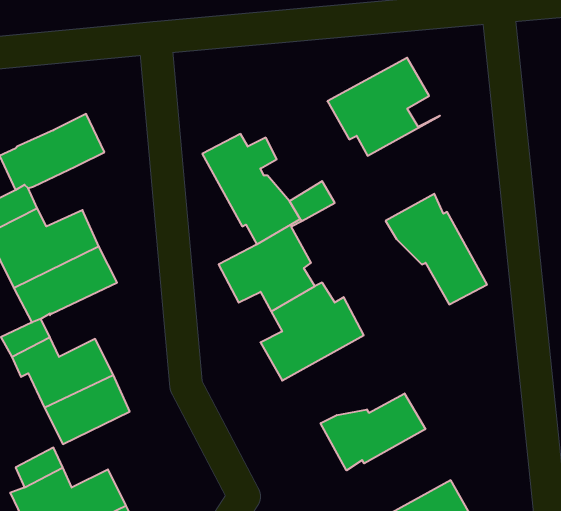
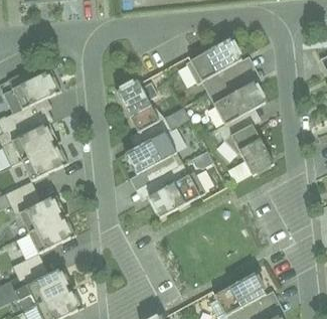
building: none -> [207,70,265,129]
building: [321,393,425,470] -> none

